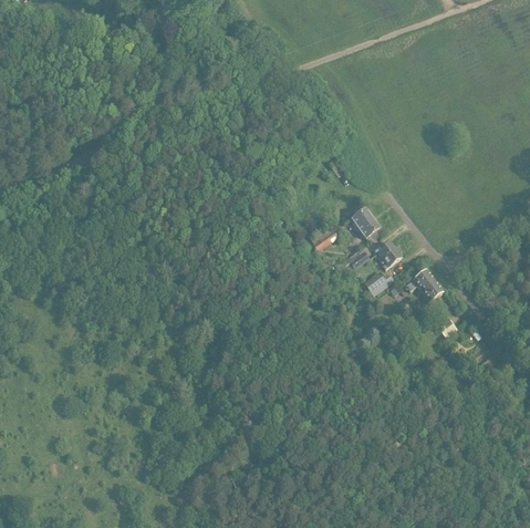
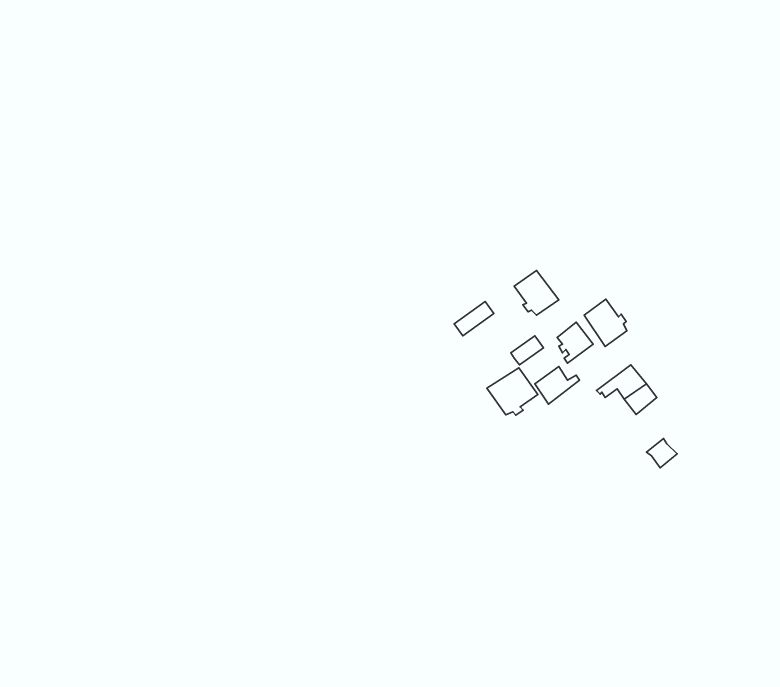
building: none -> [584,299,627,346]
building: none -> [487,368,538,415]

